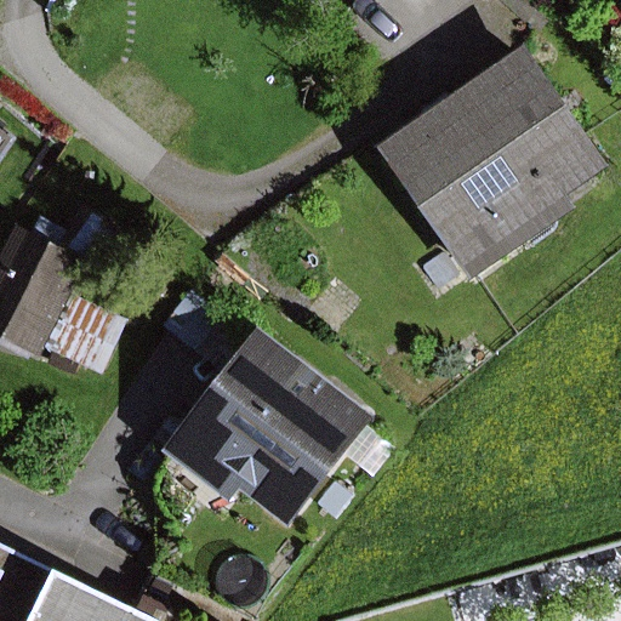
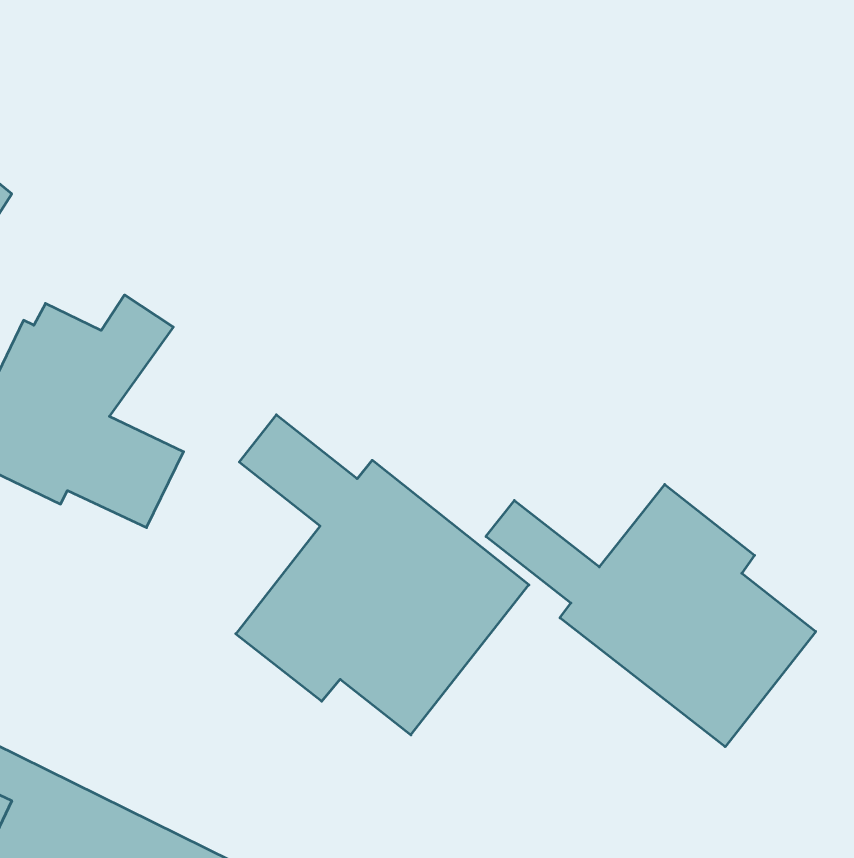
building: [359,50,591,294] -> none
building: none -> [486,484,816,747]

